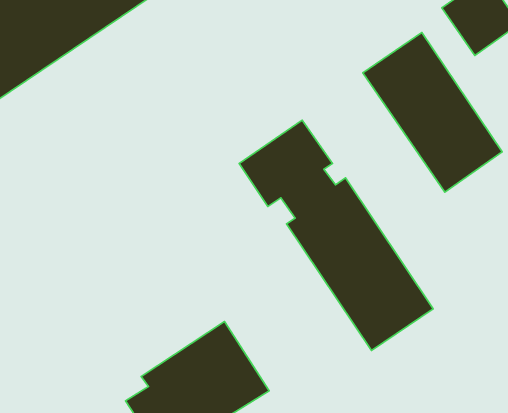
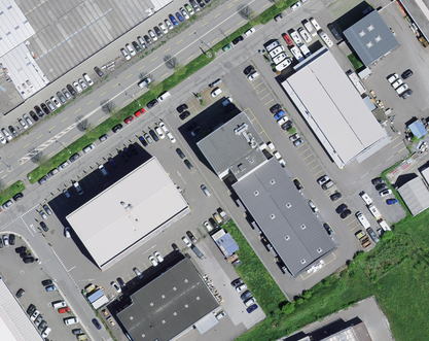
building: none -> [65,157,188,267]

